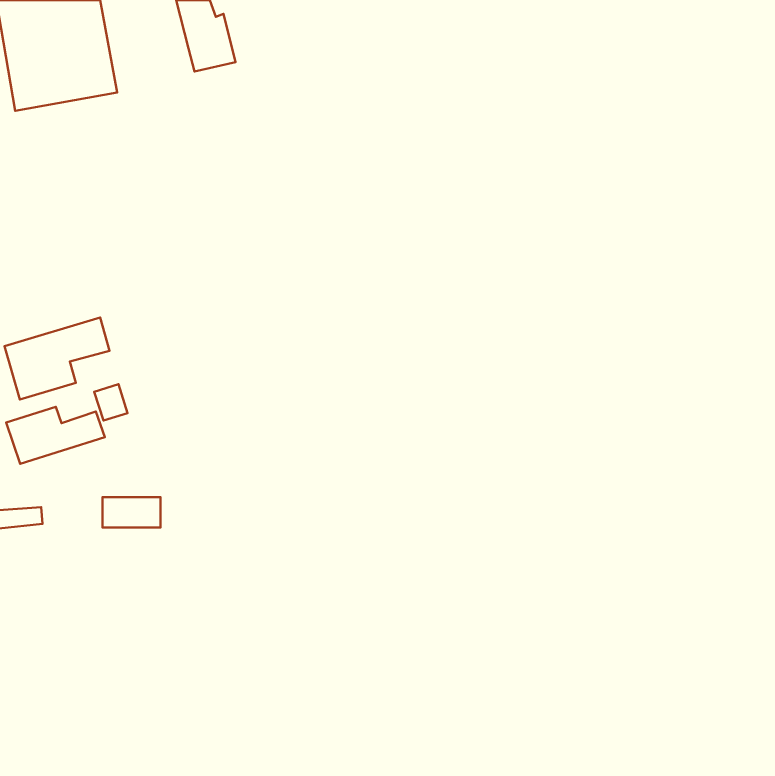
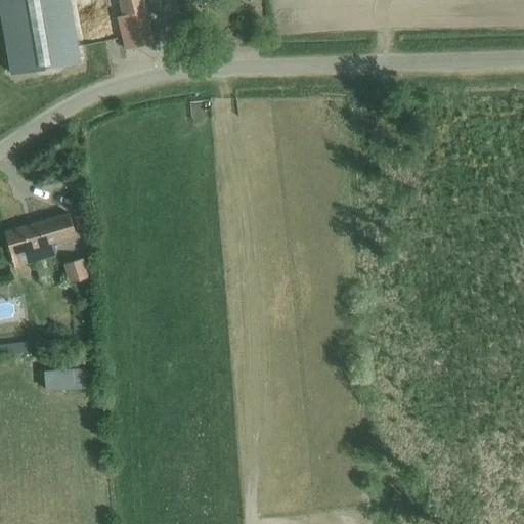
building: [6,407,105,464] -> none
building: [103,497,160,528] -> [48,364,87,385]

